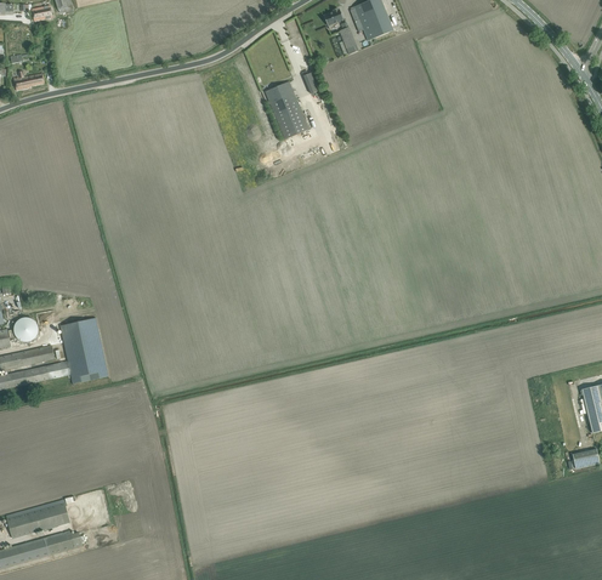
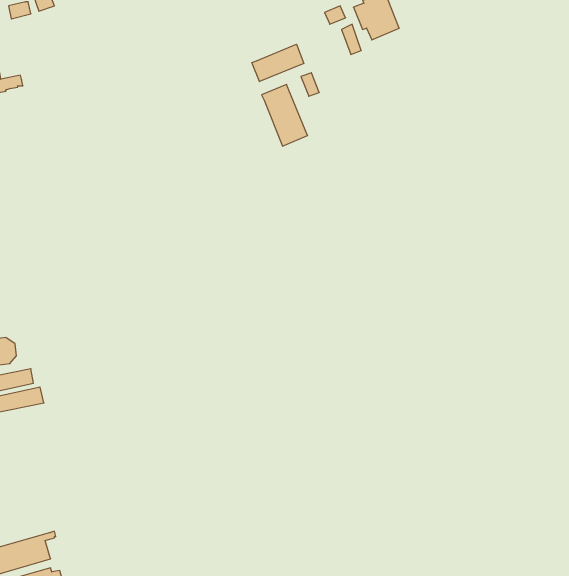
building: none -> [252,44,304,82]
building: [59,317,108,383] -> none

